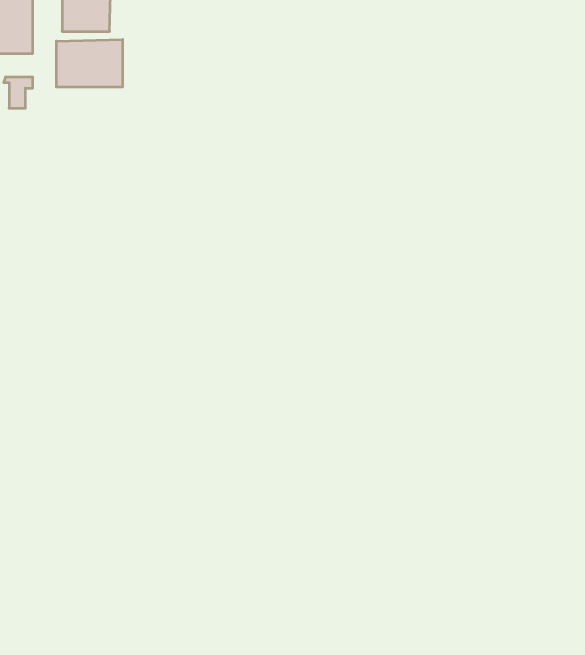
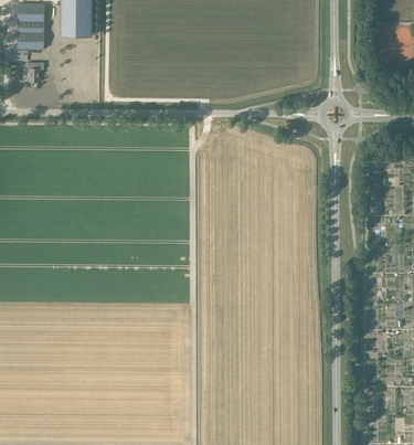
building: [56,39,123,87] -> none

